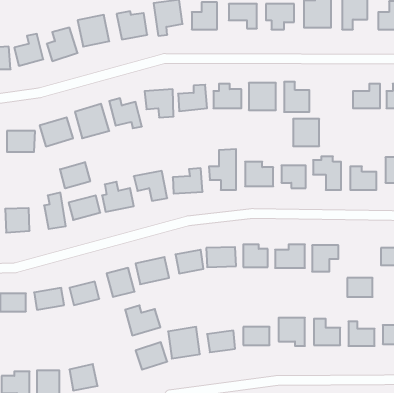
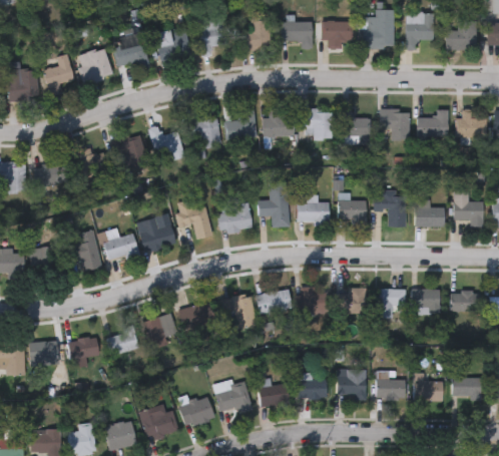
building: [293,119,319,146] -> [380,109,409,139]
building: [60,162,90,188] -> none
building: [347,278,373,297] -> [410,289,438,310]
building: [125,305,160,335] -> [138,407,177,440]

